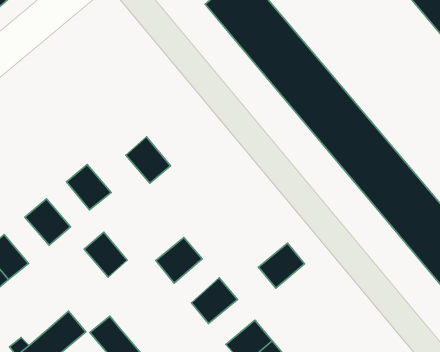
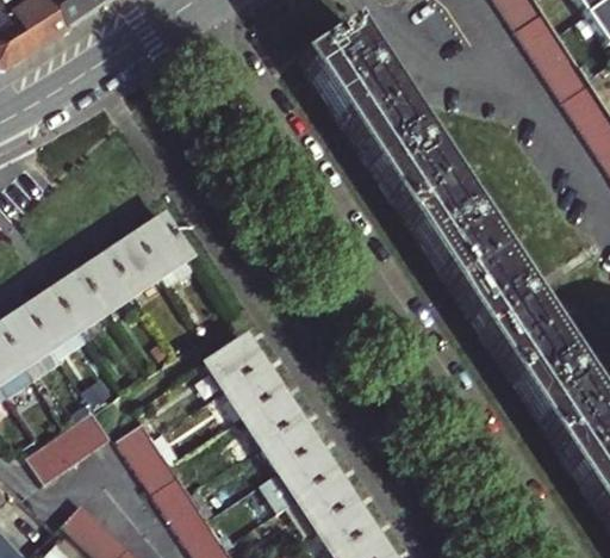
building: [126,137,171,183] -> [138,217,191,273]
building: none -> [29,291,81,347]
building: [84,232,127,277] -> [85,254,135,309]
building: [259,243,305,288] -> [262,420,318,472]
building: none -> [226,366,281,417]

